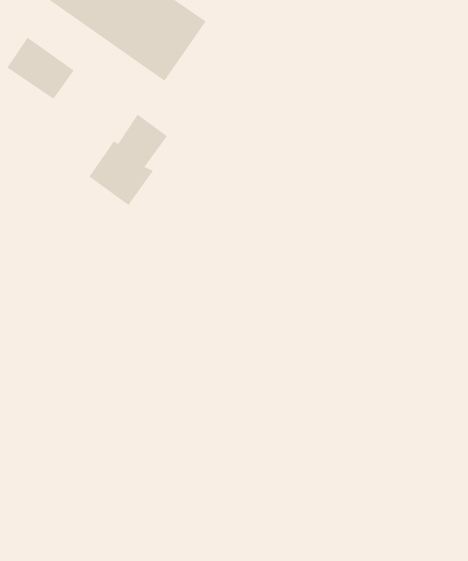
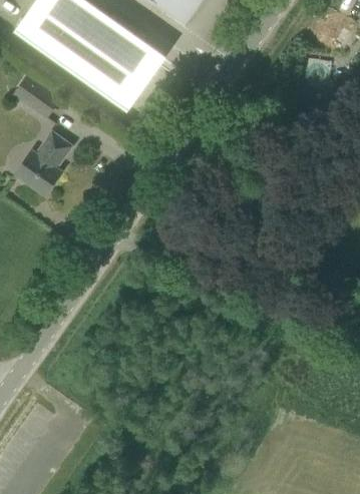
building: [89,114,168,206] -> [15,130,72,196]

